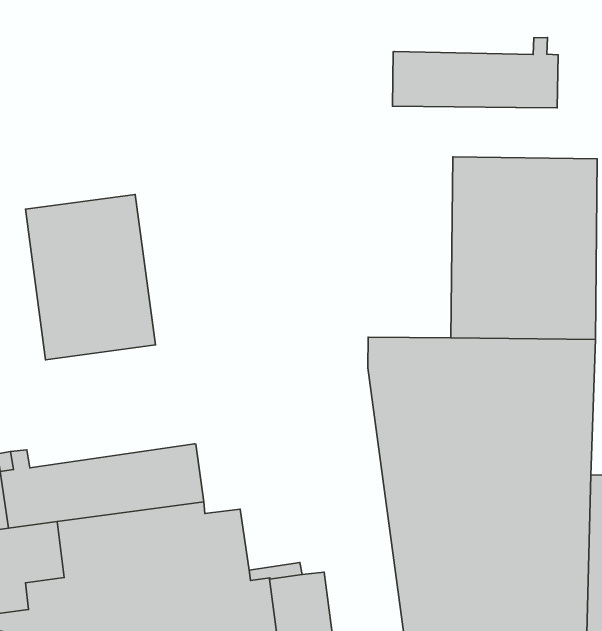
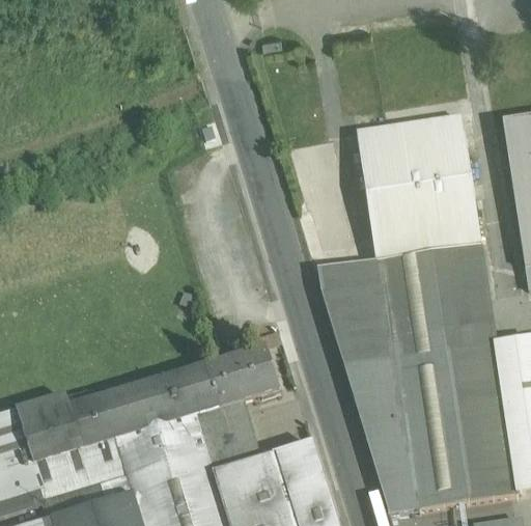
building: [392,37,558,108] -> none
building: [25,194,155,360] -> none
building: none -> [207,347,280,414]

